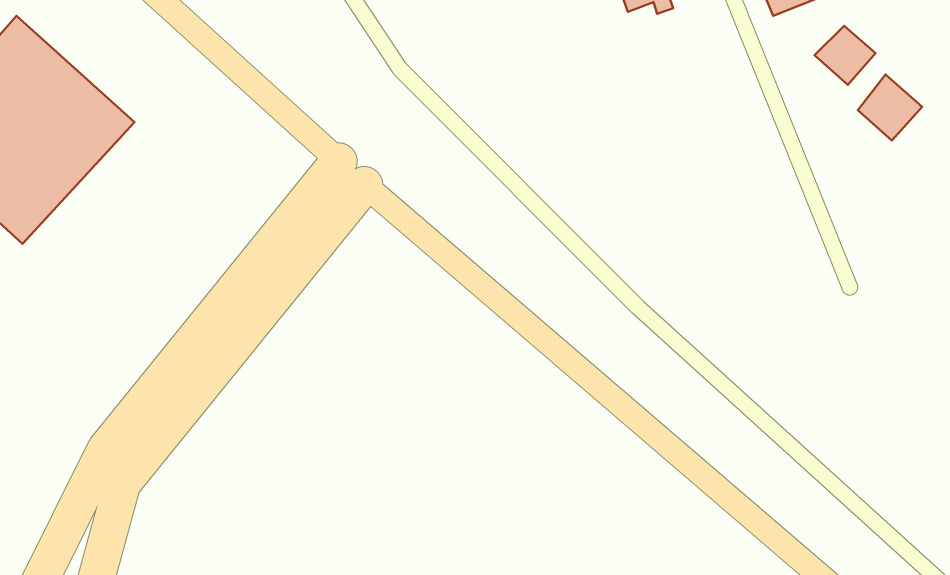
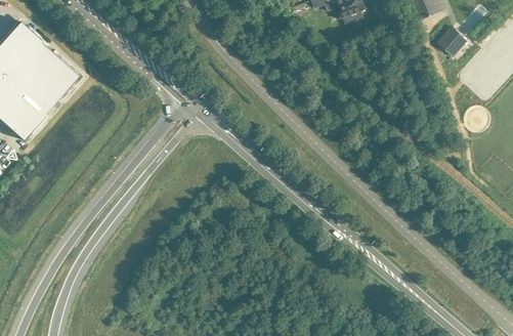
building: [858,75,922,141] -> none

